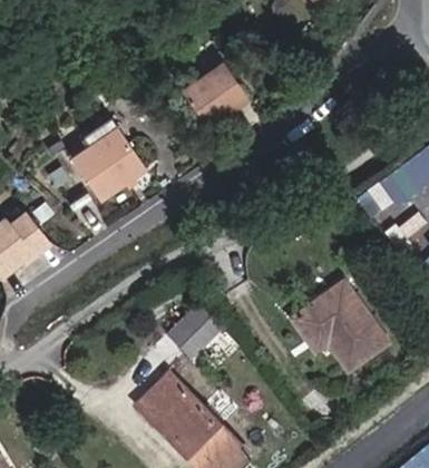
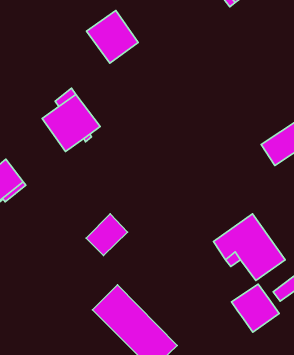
building: [184,61,251,129] -> [86,10,138,63]
building: [168,303,222,357] -> [86,214,128,255]
building: none -> [232,284,279,332]

